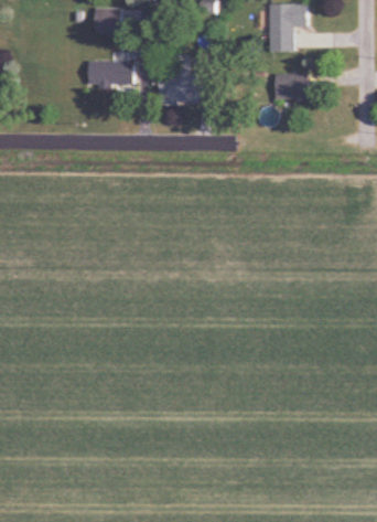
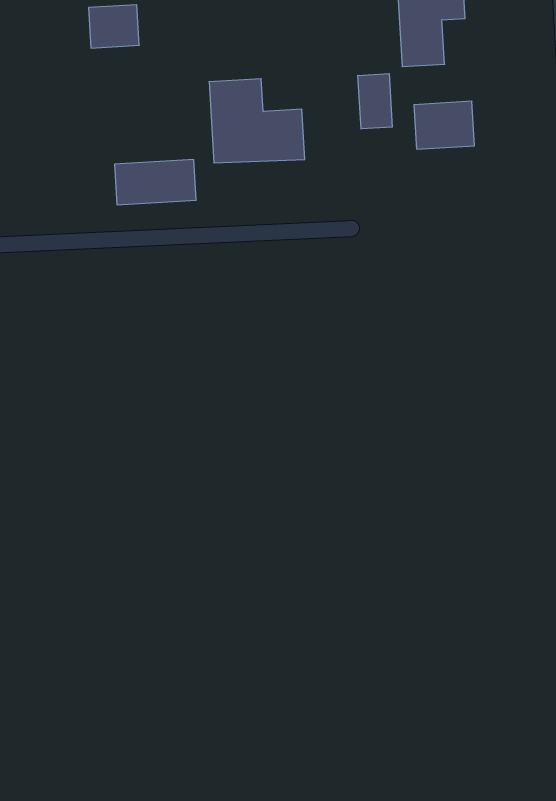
building: none -> [358,74,392,129]
building: [87,61,132,84] -> [115,160,196,205]

